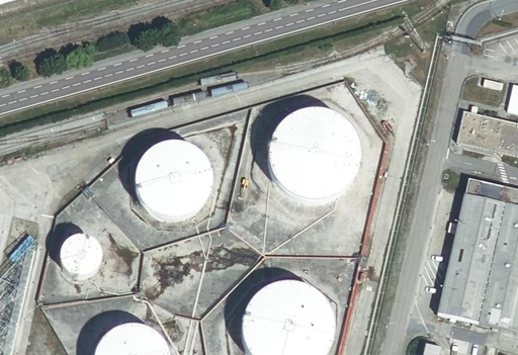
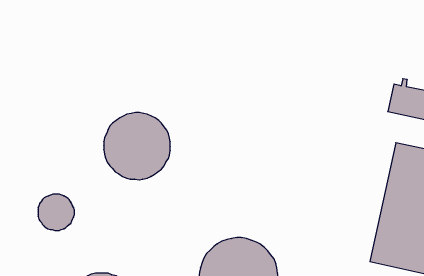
building: [267,109,357,199] -> none

